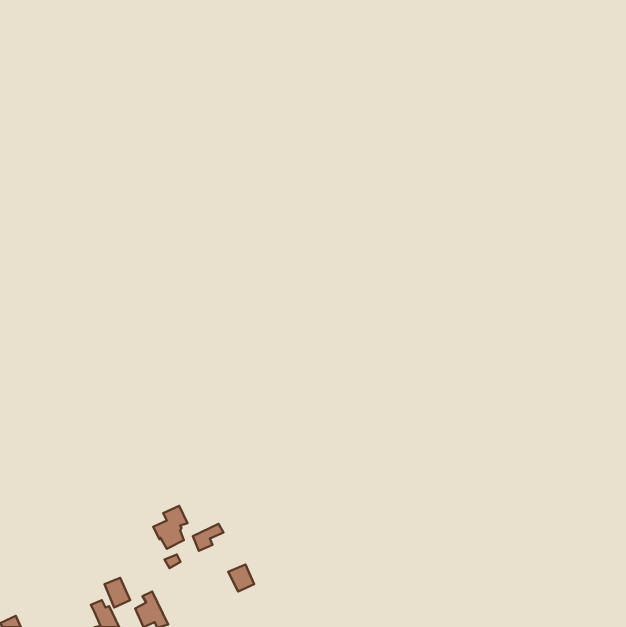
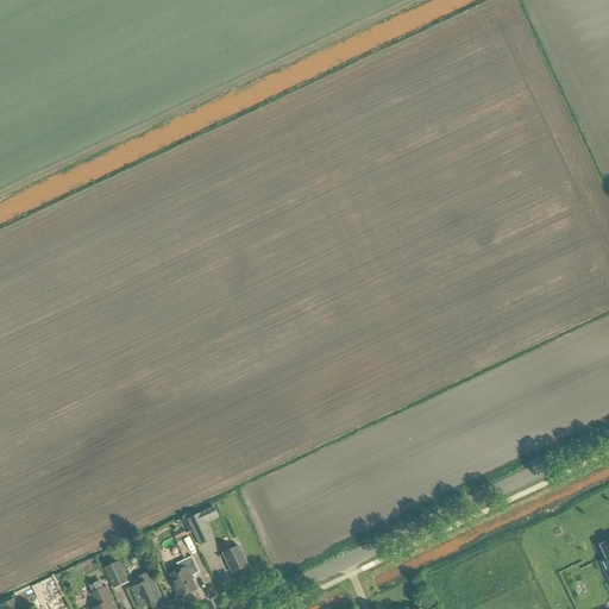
building: [153,506,188,549] -> [165,557,199,598]

